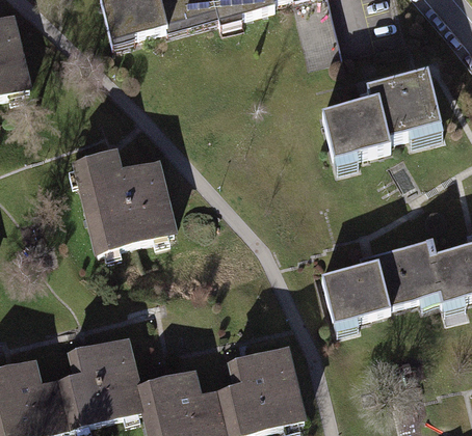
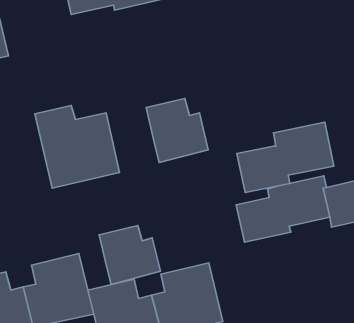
building: [322,72,444,160] -> [237,122,334,193]
building: none -> [146,98,208,163]
building: none -> [99,225,160,285]

